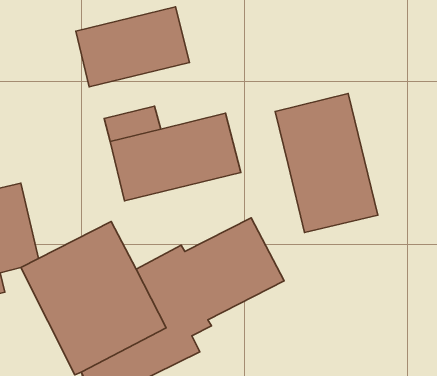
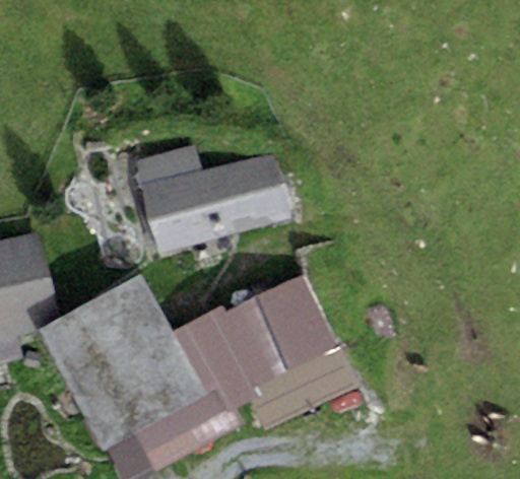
building: [76,7,189,87] -> none
building: [275,93,378,232] -> none

